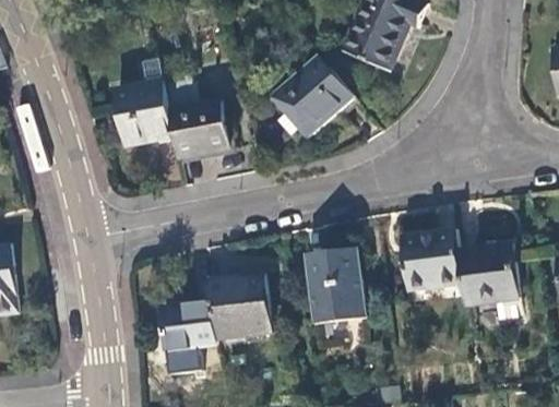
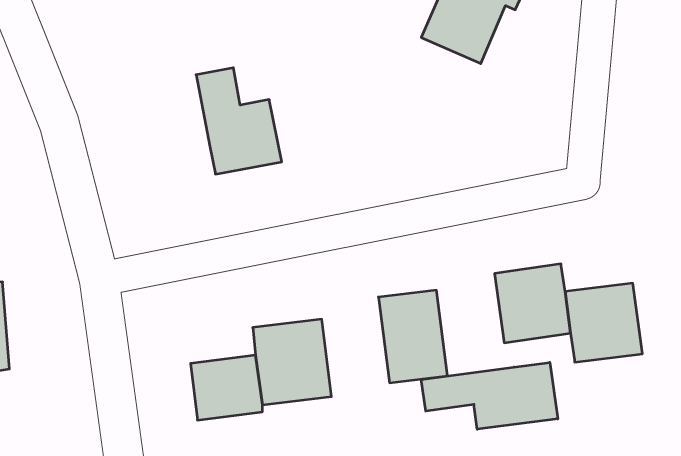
building: [272,58,350,135] -> none
building: [115,80,175,146] -> none
building: none -> [421,362,558,429]

